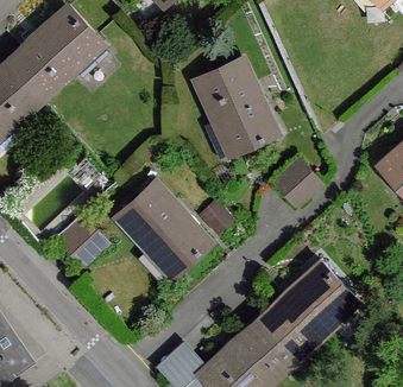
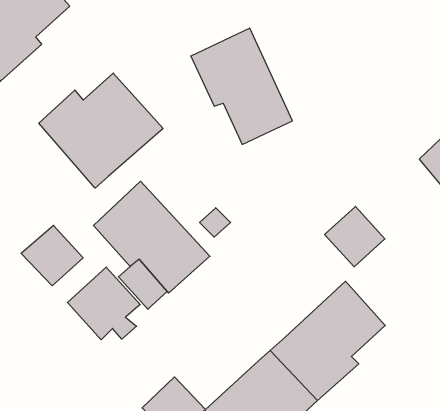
building: none -> [39,73,163,188]
building: [271,161,320,210] -> [325,206,385,267]
building: none -> [67,267,140,340]

